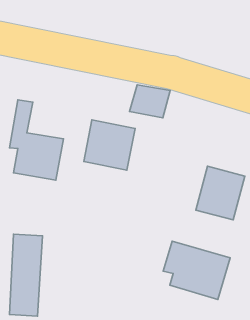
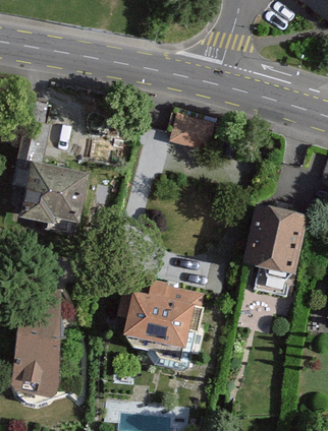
building: [84,120,135,170] -> none
building: [163,241,230,299] -> [118,280,201,351]

